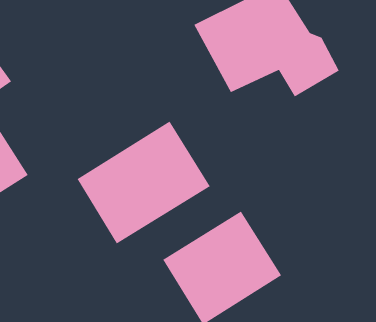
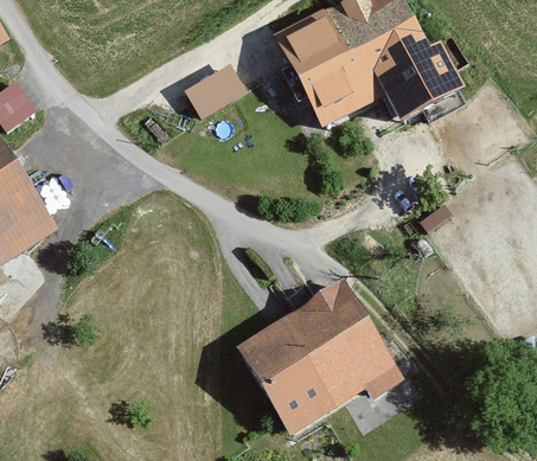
building: none -> [183,60,244,117]
building: [76,120,211,245] -> none

